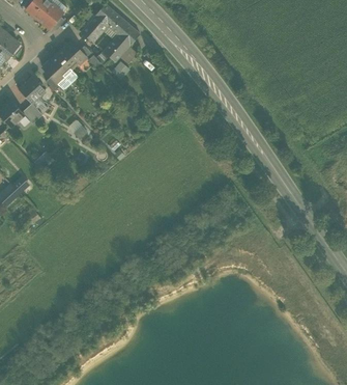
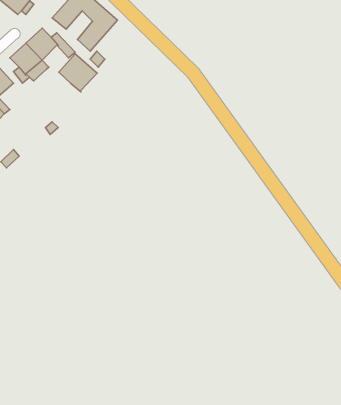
building: none -> [59,54,97,92]

